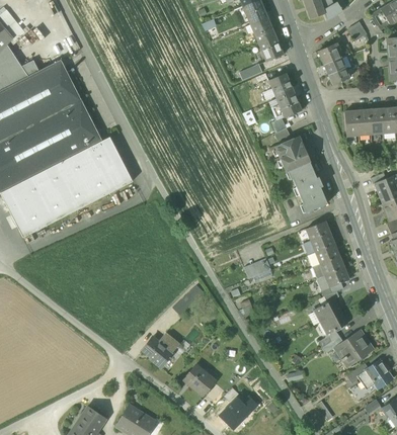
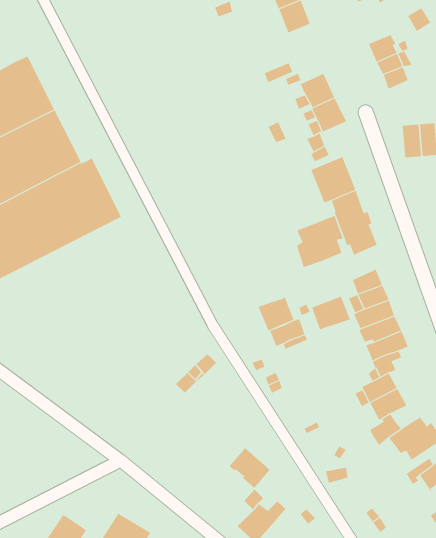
building: [257,35,283,62] -> none
building: none -> [296,215,344,268]
building: none -> [312,296,350,330]
building: none -> [258,297,294,331]
building: [143,333,178,367] -> none
building: [183,364,215,396] -> [229,447,270,489]

